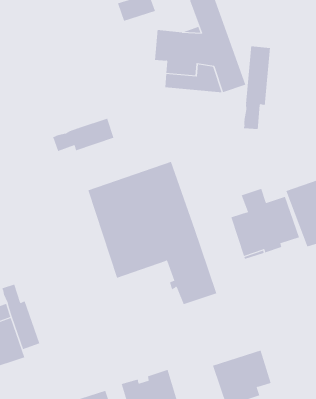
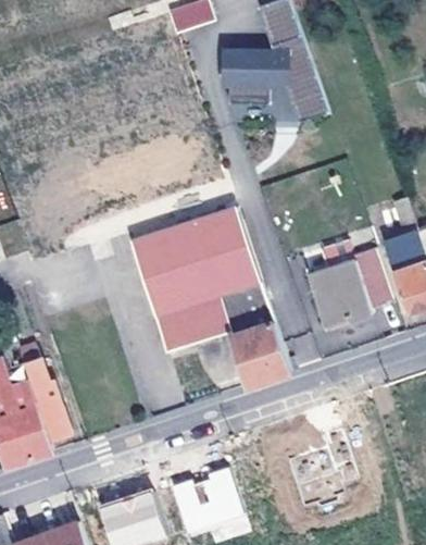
building: [244,46,270,130] -> none
building: [53,118,114,152] -> none

